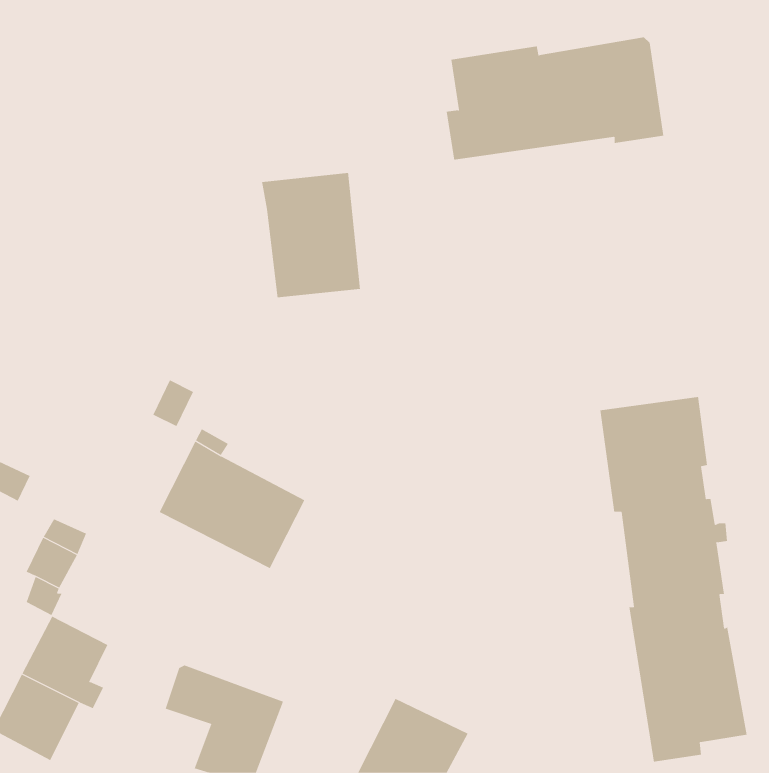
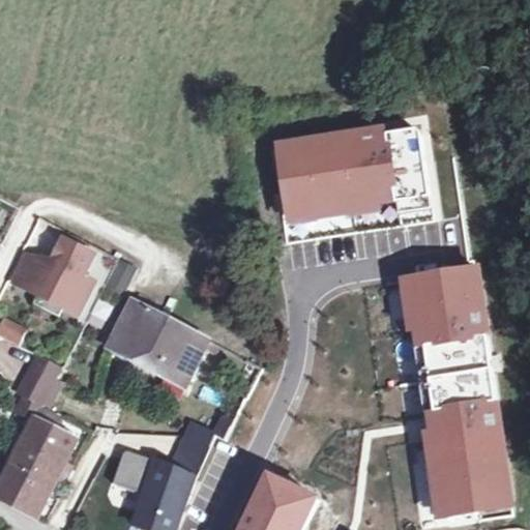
building: [446,37,664,160] -> [278,130,426,214]
building: [262,172,360,298] -> none
building: none -> [9,237,91,314]
building: none -> [170,421,213,476]

